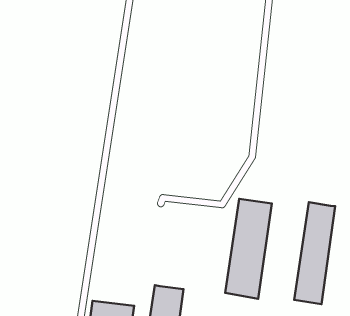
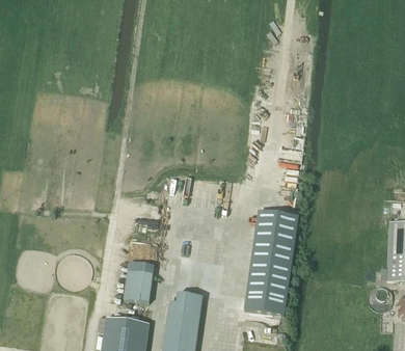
building: [294,202,335,304] -> none
building: none -> [124,261,156,303]

